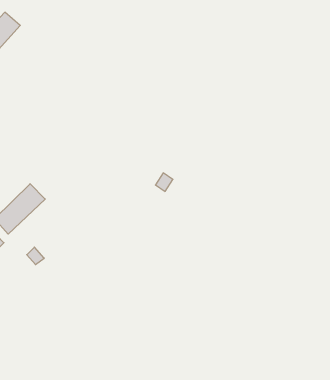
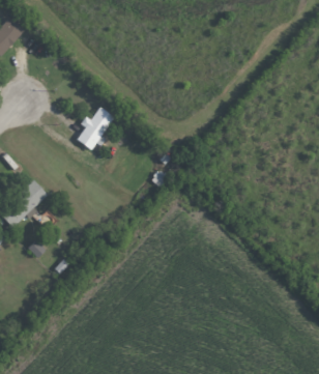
building: none -> [76,106,114,150]

